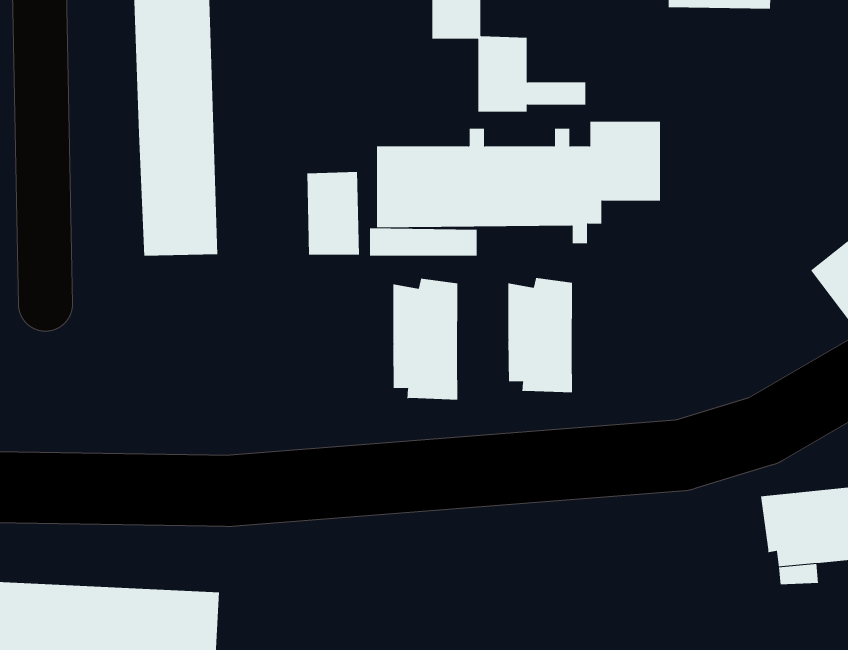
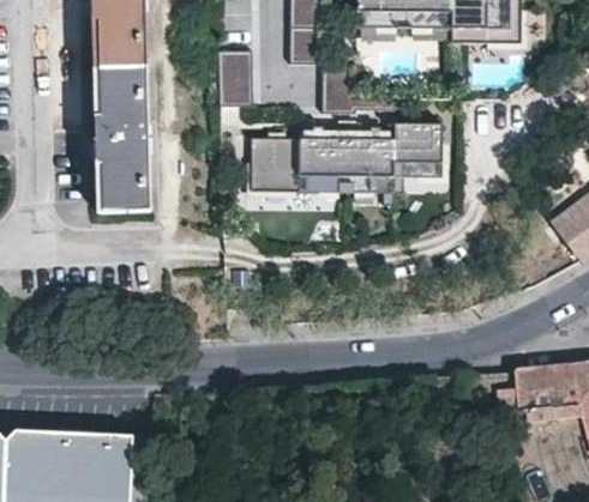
building: [306,171,360,255] -> [222,48,258,104]
building: [508,277,572,393] -> none
building: [393,278,458,400] -> none

